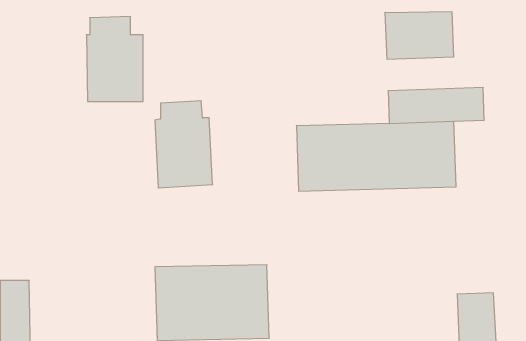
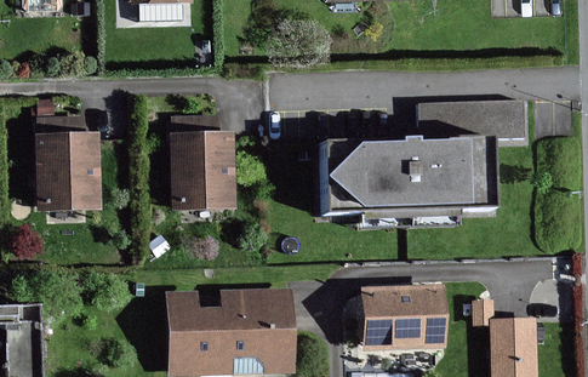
building: [385,12,454,59] -> none
building: [86,17,143,101] -> [35,116,96,207]
building: none -> [361,289,439,348]

